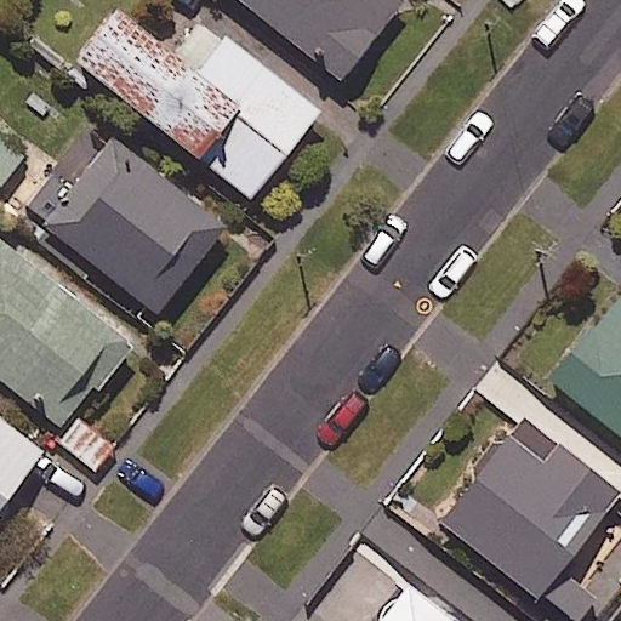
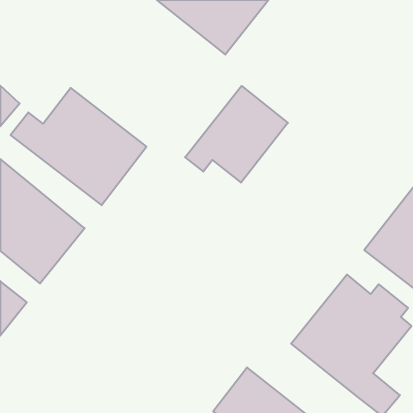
building: [72,10,317,201] -> none
building: none -> [185,86,288,183]

